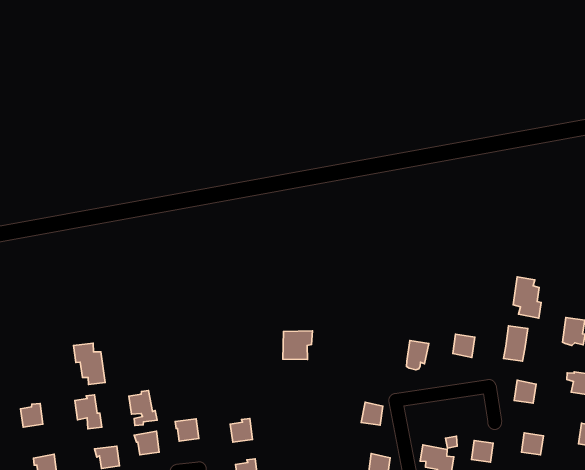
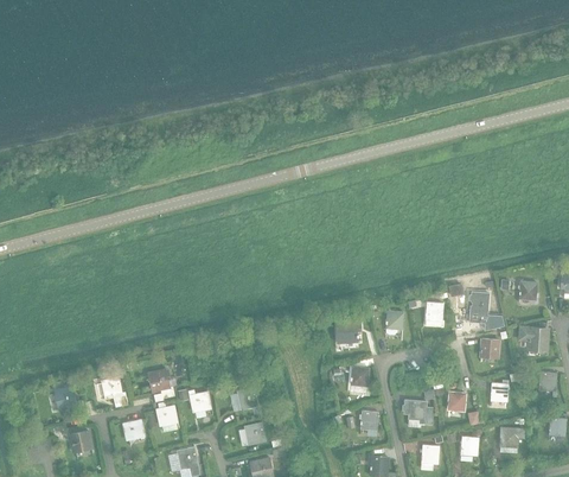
building: [513,277,541,318] -> none
building: [283,331,312,359] -> [335,318,360,344]
building: [73,343,105,384] -> none

